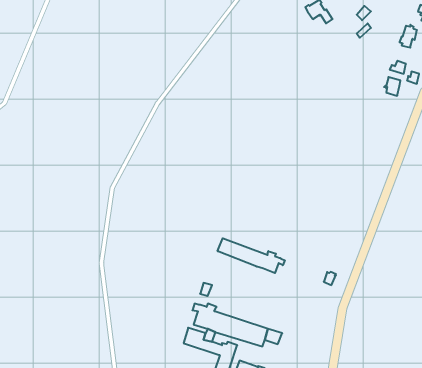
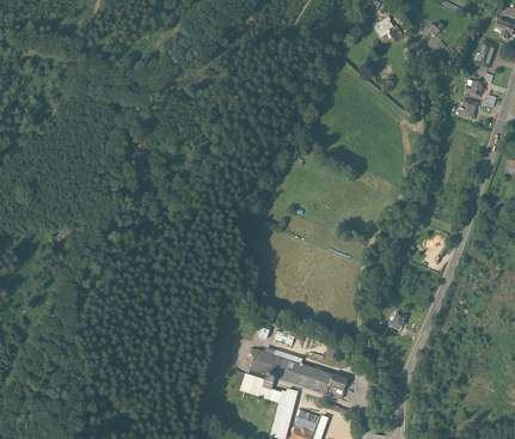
building: [218,238,285,273] -> none

